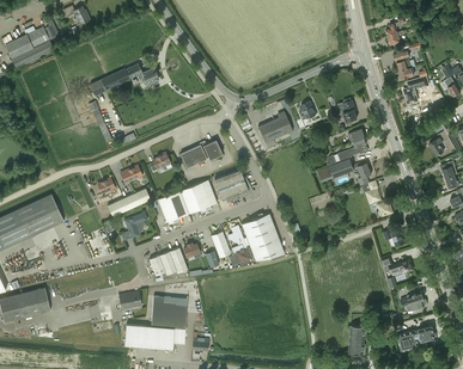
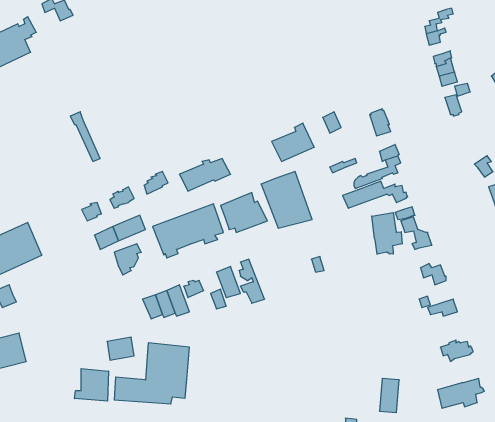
building: [90,63,159,97] -> none
building: none -> [372,213,402,254]
building: [240,214,284,262] -> [261,171,312,228]
building: none -> [75,369,108,401]

